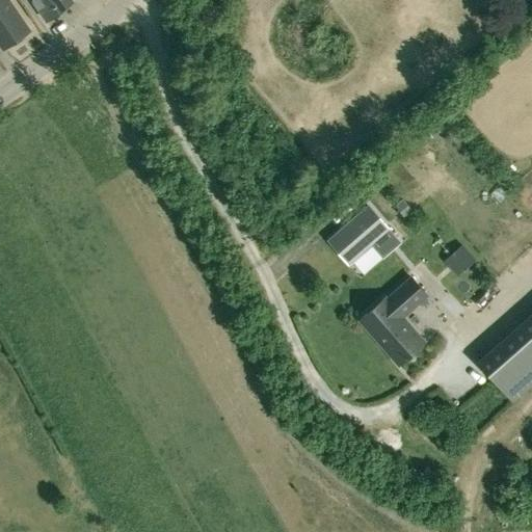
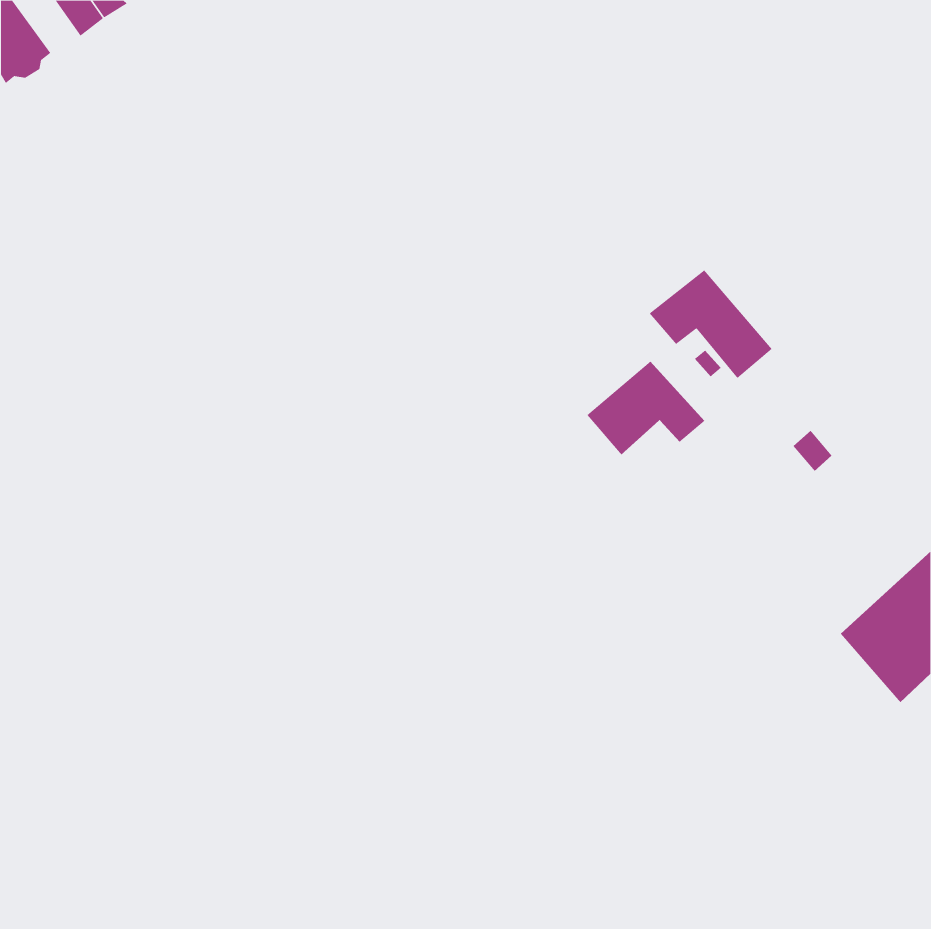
building: none -> [649,270,772,379]
building: [360,277,428,365] -> none

